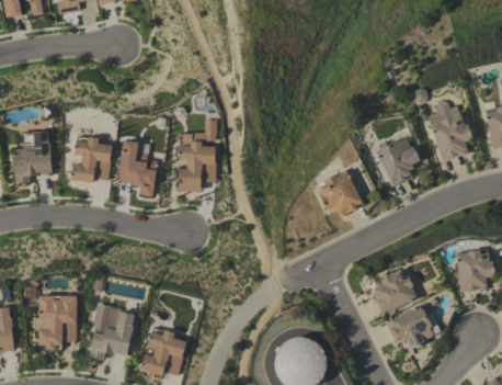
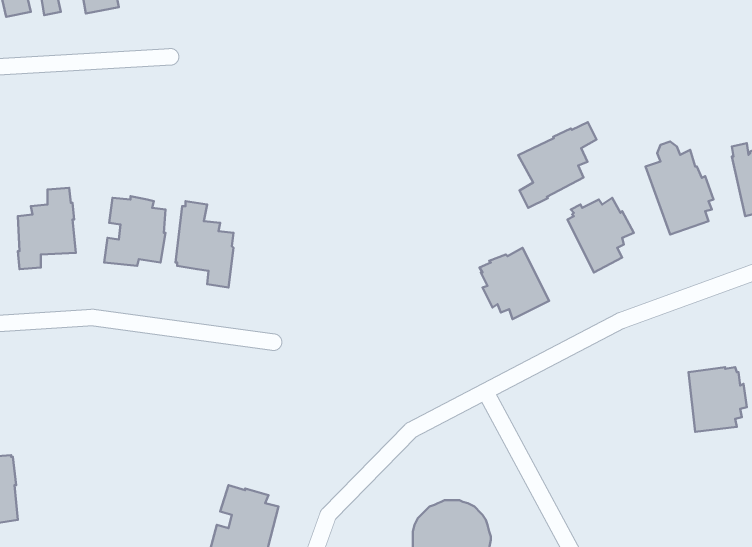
building: none -> [518,122,597,208]
building: [178,121,215,191] -> none
building: [373,269,419,315] -> none
building: [34,295,77,349] -> none
building: [89,304,135,361] -> none
building: [386,305,441,349] -> none

